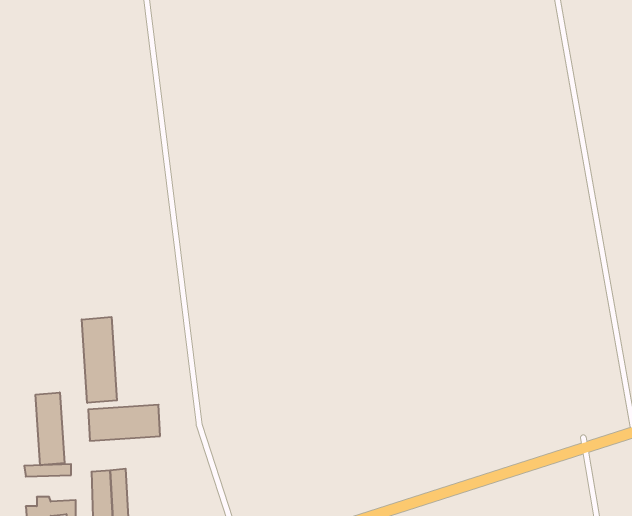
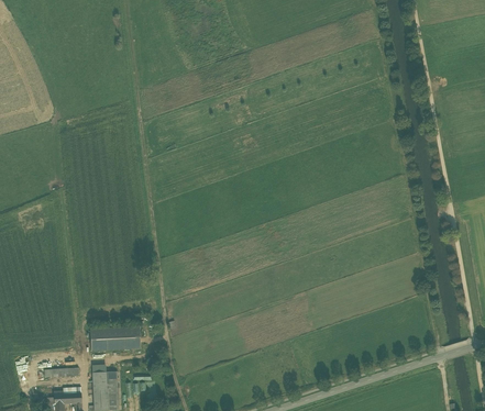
building: [82,317,117,403] -> none
building: [36,392,65,465] -> none

